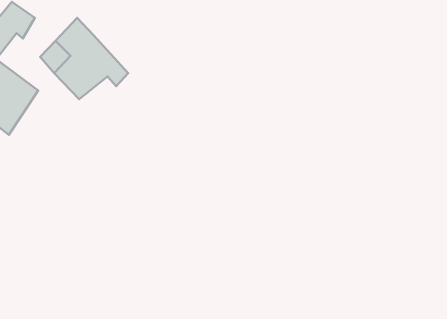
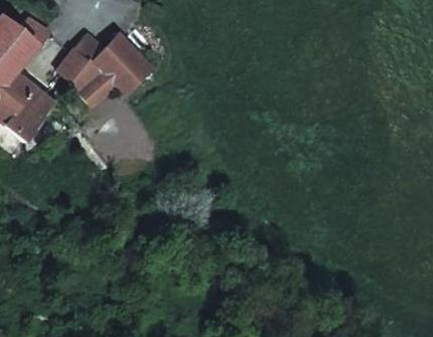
building: none -> [104,32,151,82]

